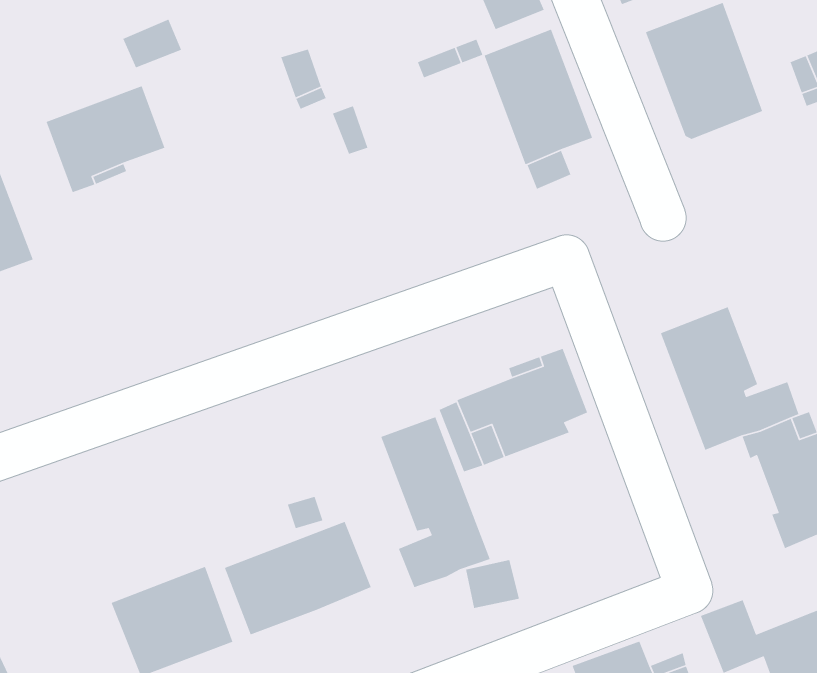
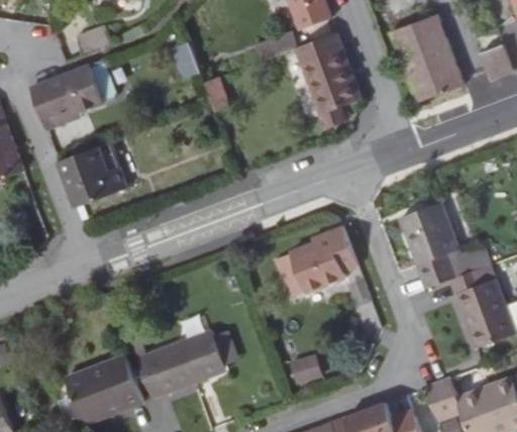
building: none -> [56,141,125,208]
building: [380,416,491,588] -> none

